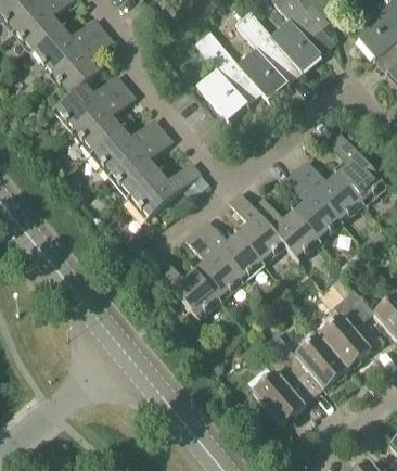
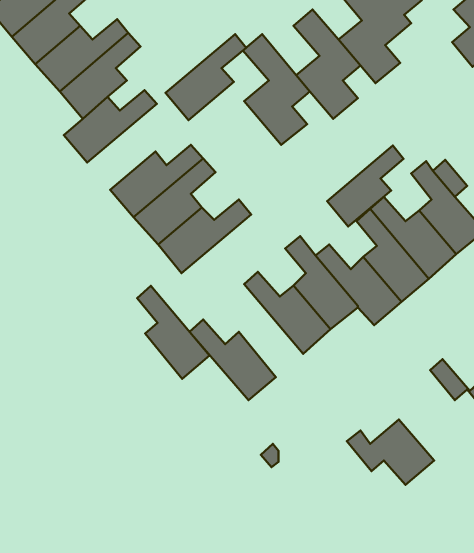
building: [72,86,136,154] -> [165,34,246,120]
building: none -> [327,146,403,226]
building: [185,229,243,303] -> [137,286,209,379]
building: [319,297,371,369] -> none
building: [253,354,305,425] -> none

